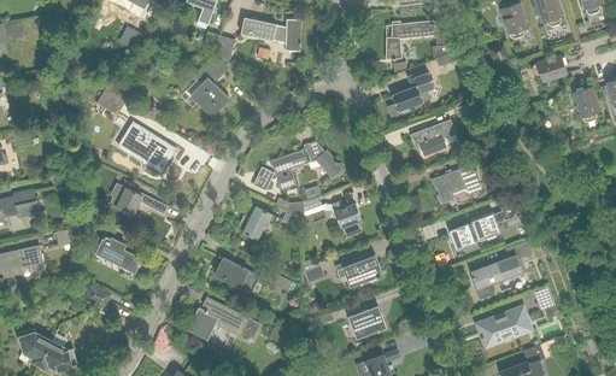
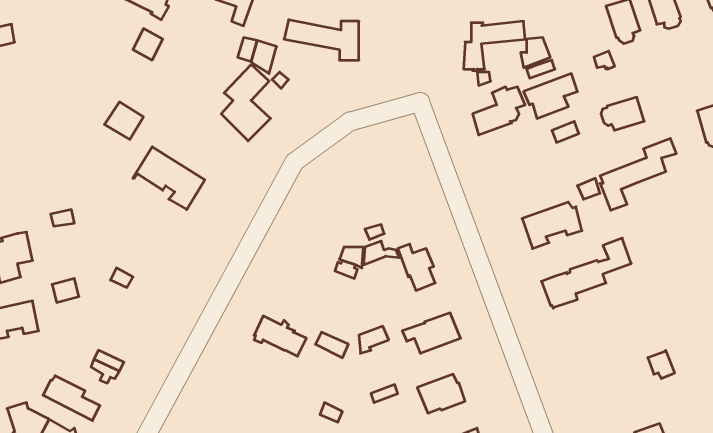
building: [530,55,565,82] -> [601,97,644,130]
building: [411,121,454,157] -> [524,74,577,118]
building: [253,143,341,192] -> none
building: [108,184,168,216] -> none
building: [240,207,272,240] -> none
building: [95,235,141,271] -> [43,376,100,421]
building: [470,242,532,300] -> [600,138,676,210]
building: [186,298,260,342] -> none
building: [475,306,530,347] -> none

